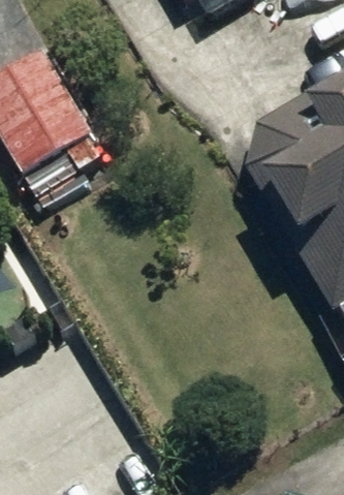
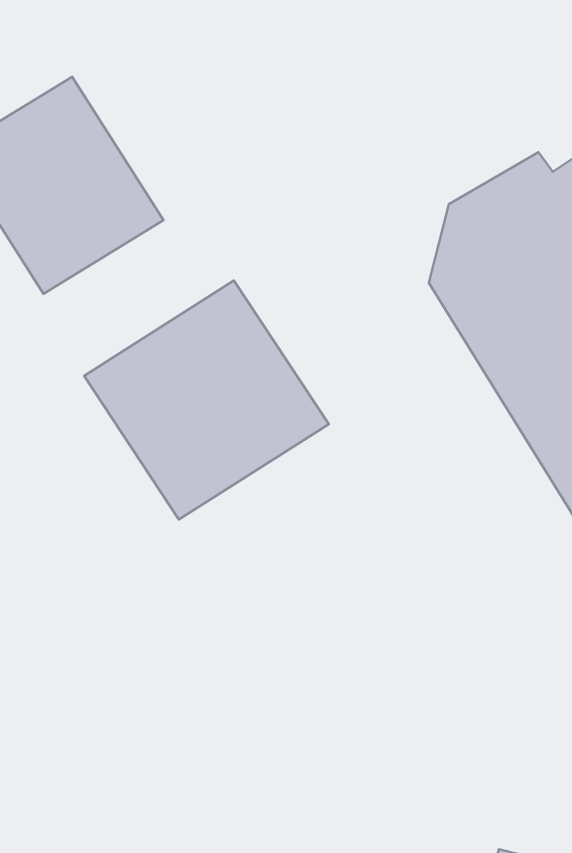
building: none -> [84,280,329,520]

